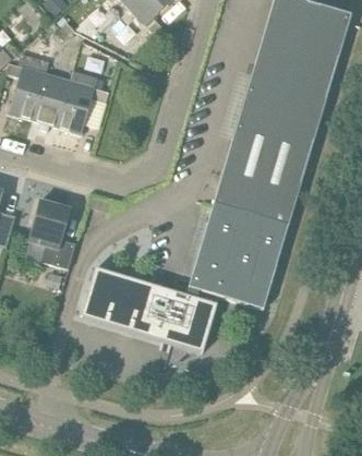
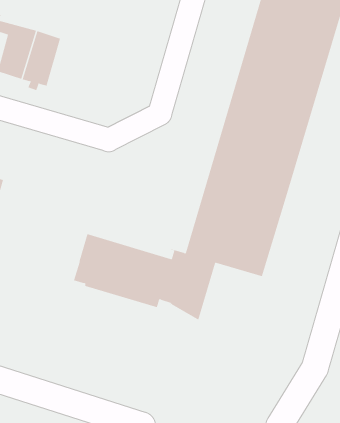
building: [57,81,109,134] -> none
building: [27,201,75,268] -> none

